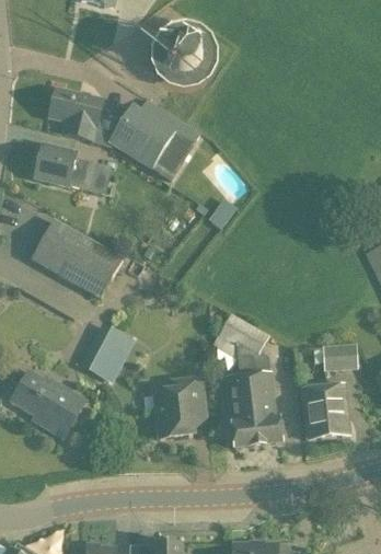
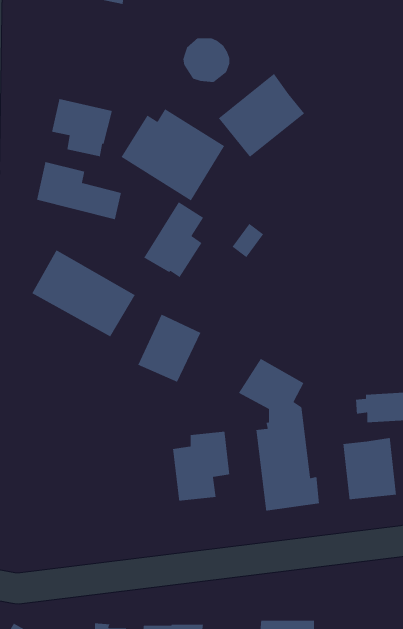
building: none -> [218,73,305,158]
building: none -> [143,201,204,278]
building: [80,322,136,382] -> [137,314,202,383]
building: [13,371,86,436] -> none

